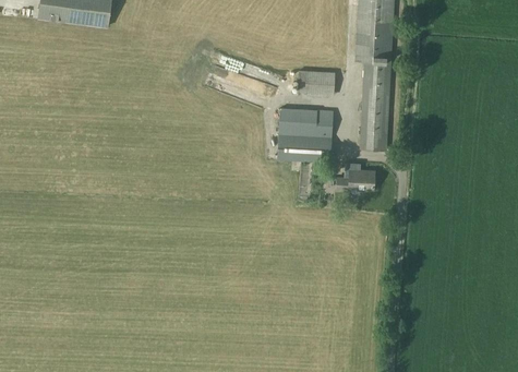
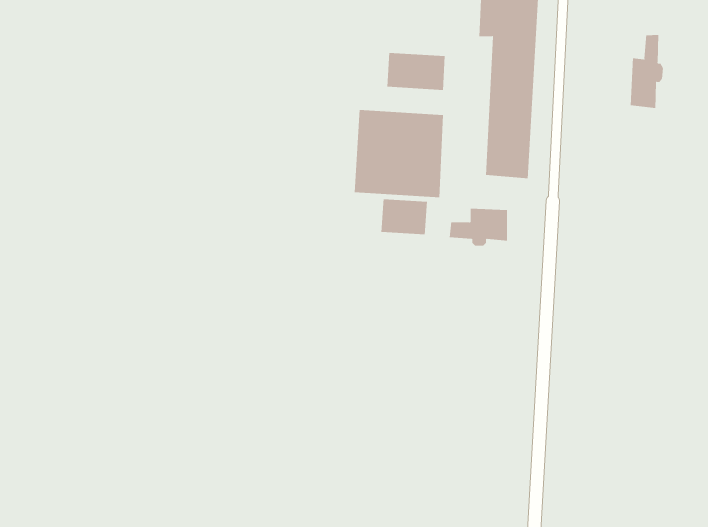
building: none -> [630,34,663,109]
building: none -> [381,199,427,235]

